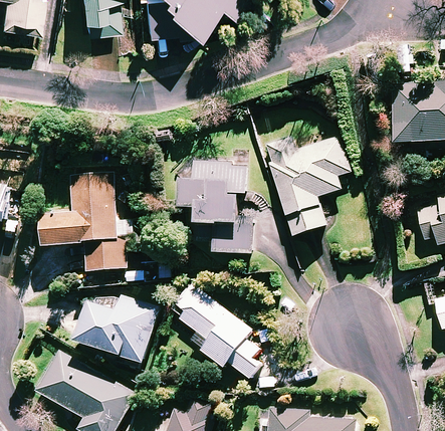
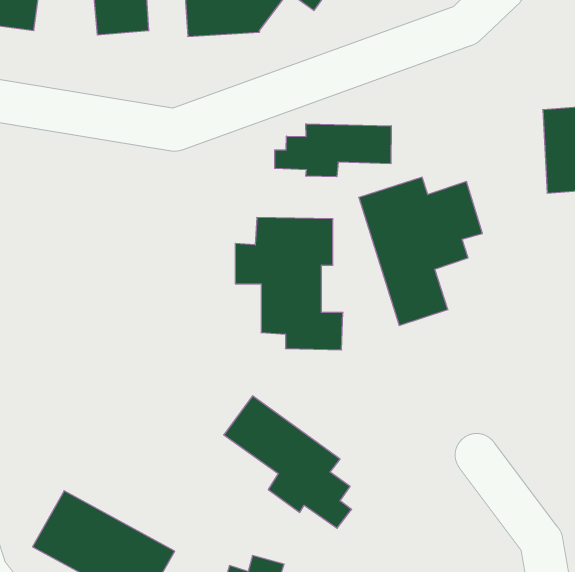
building: none -> [275,124,391,177]
building: [40,171,132,270] -> none
building: [75,295,158,361] -> none

